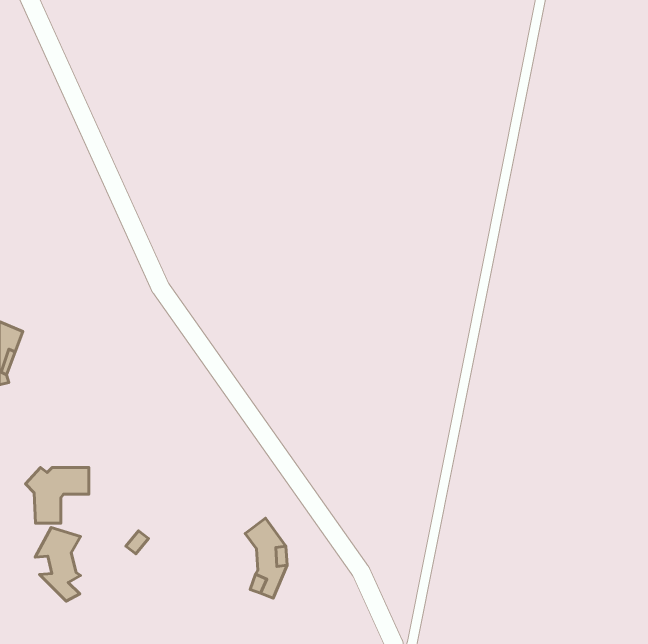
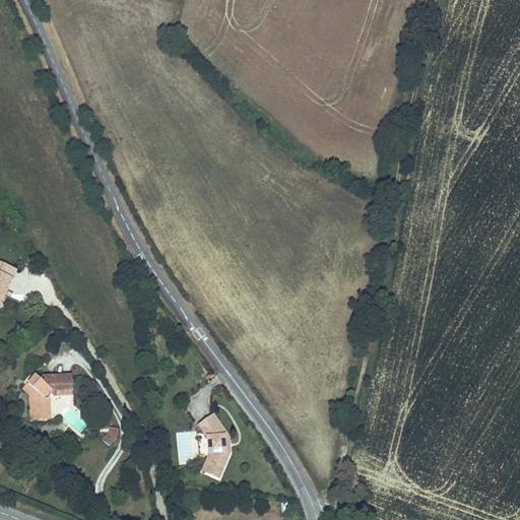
building: [35,527,80,601] -> none

